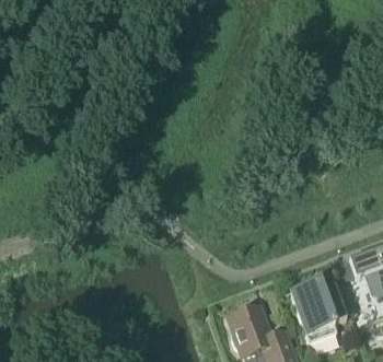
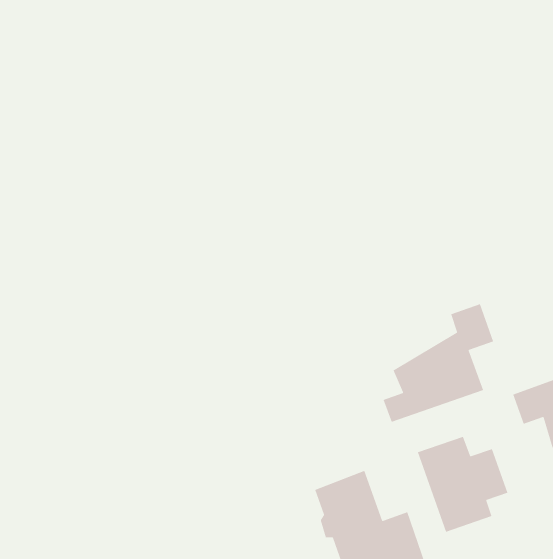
building: none -> [383,303,494,423]

